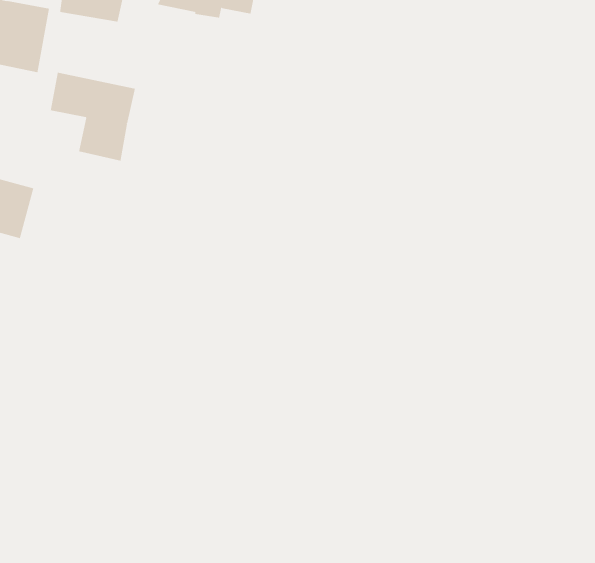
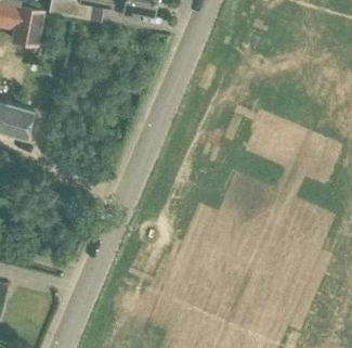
building: [50,72,135,161] -> none

